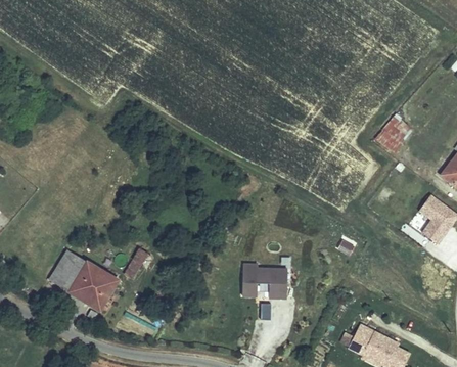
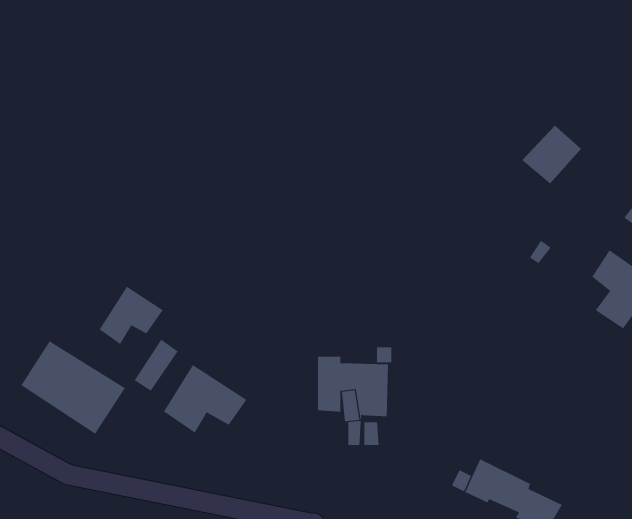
building: none -> [99,286,164,345]
building: none -> [163,364,247,433]

